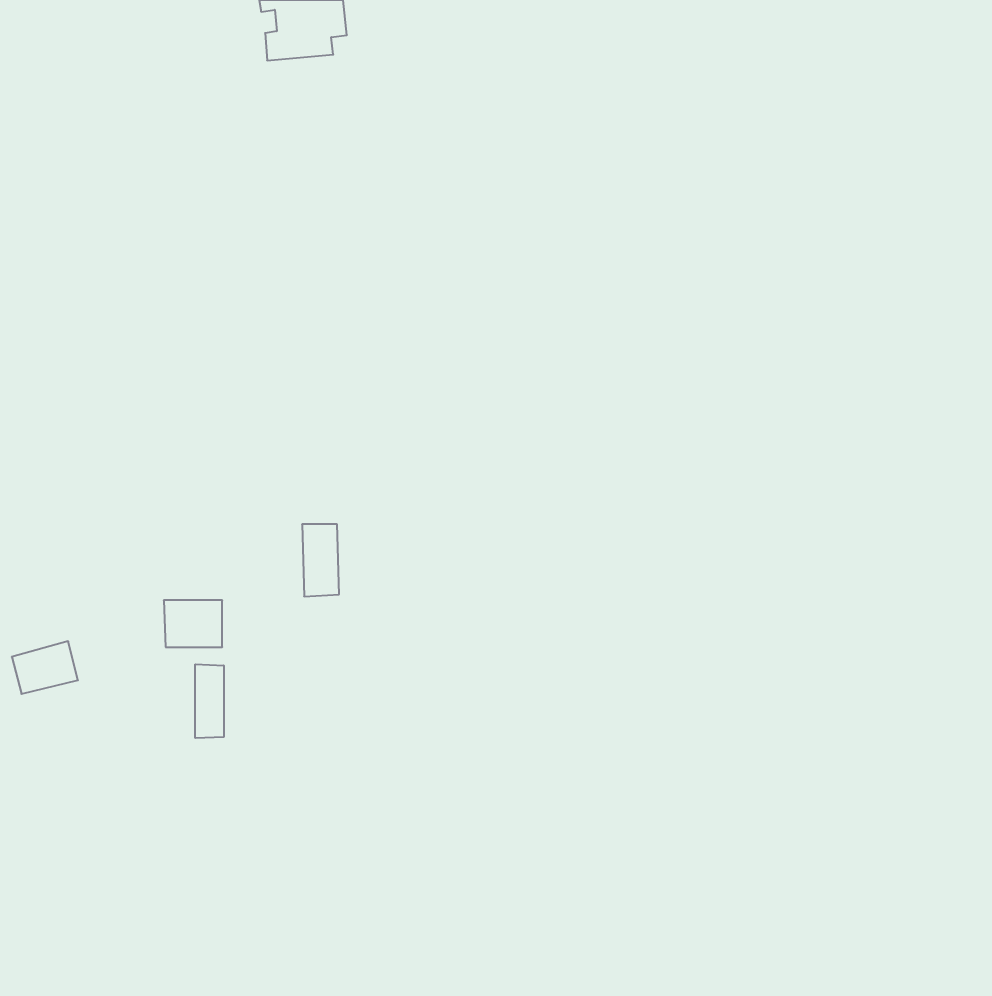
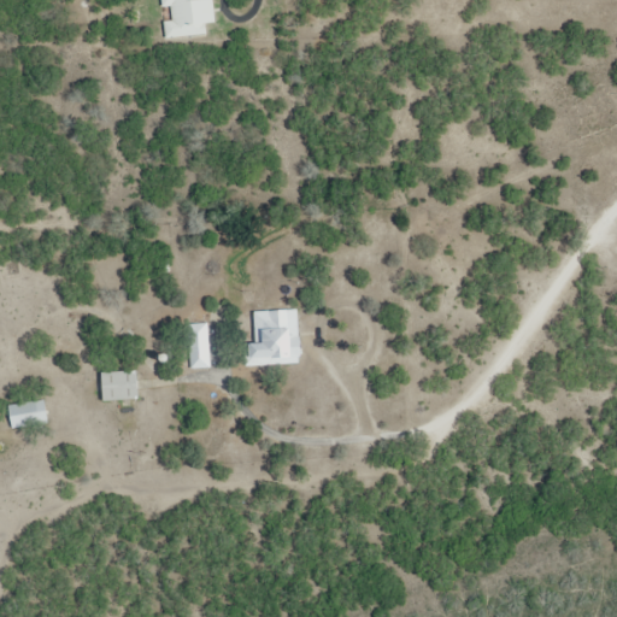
building: none -> [246,311,296,363]
building: [195,664,224,738] -> none

